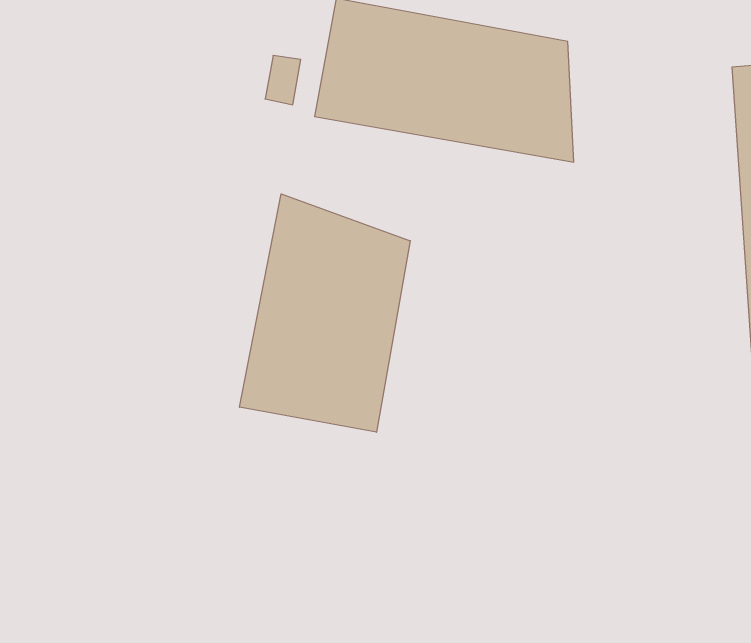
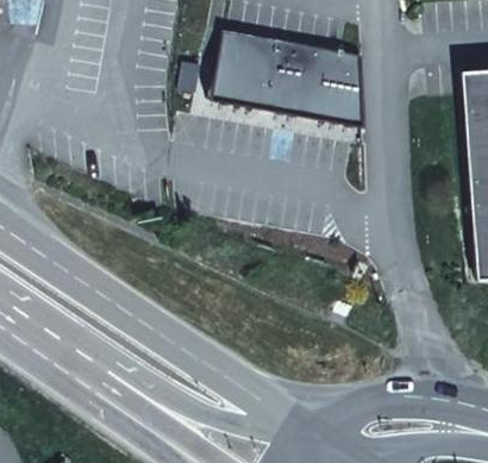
building: [240,194,410,432] -> none

